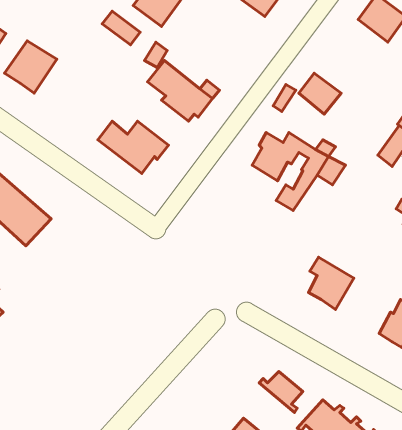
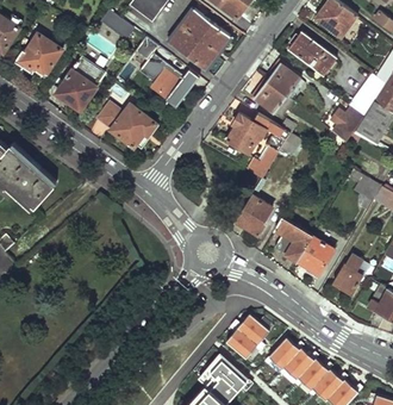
building: none -> [168,10,229,69]
building: none -> [287,31,336,75]
building: none -> [54,58,102,111]
building: none -> [254,80,292,117]
building: none -> [235,179,273,236]
building: none -> [297,236,335,275]
building: none -> [225,324,262,359]

